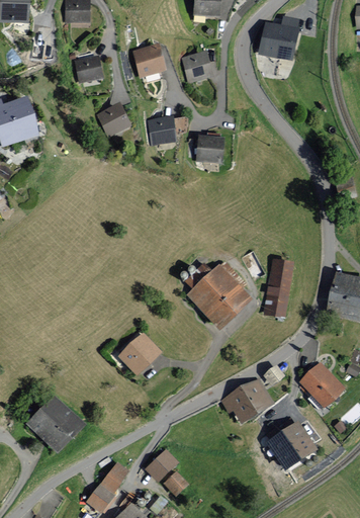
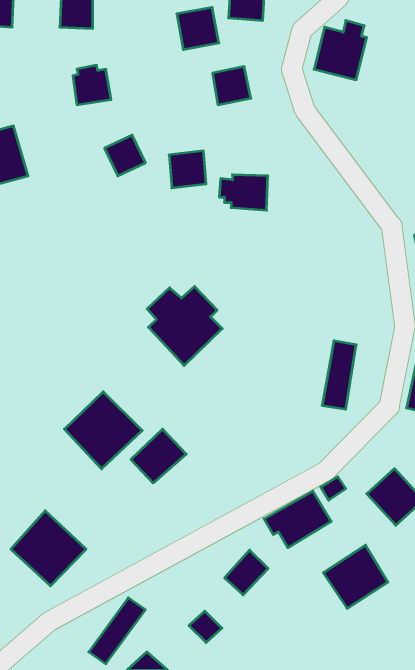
building: [132,46,165,78] -> [177,7,219,50]
building: [187,265,245,326] -> [147,286,222,366]
building: none -> [64,392,142,469]
building: [146,446,179,481] -> [225,550,268,595]

